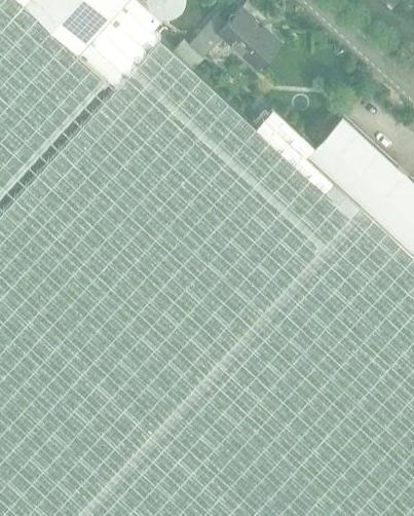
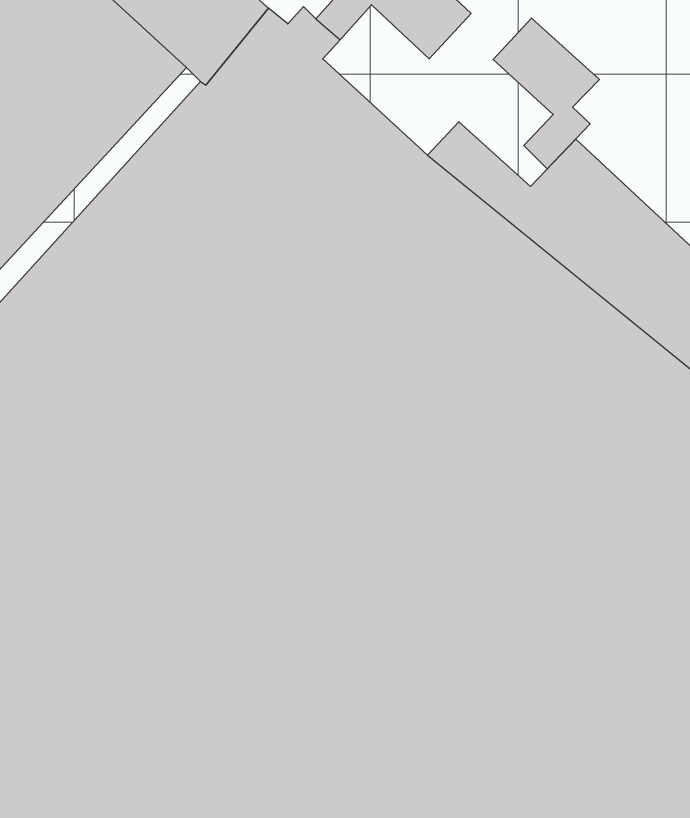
building: none -> [493,18,599,169]

